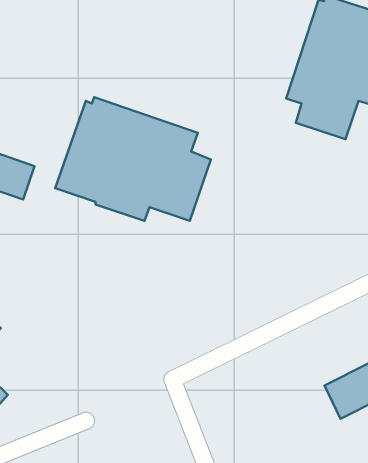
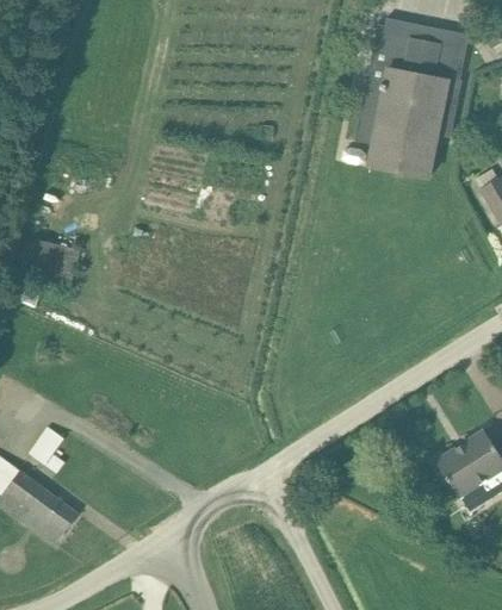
building: [55,97,211,221] -> none

